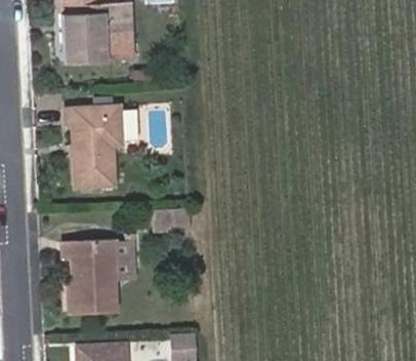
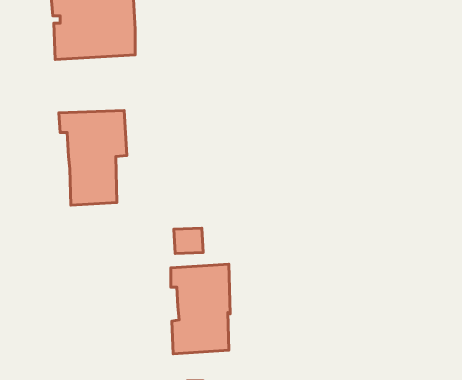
building: [69,238,119,314] -> [171,264,230,354]

